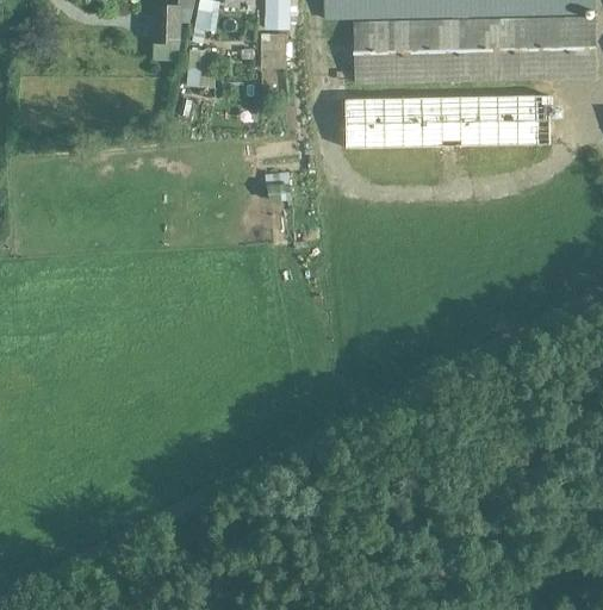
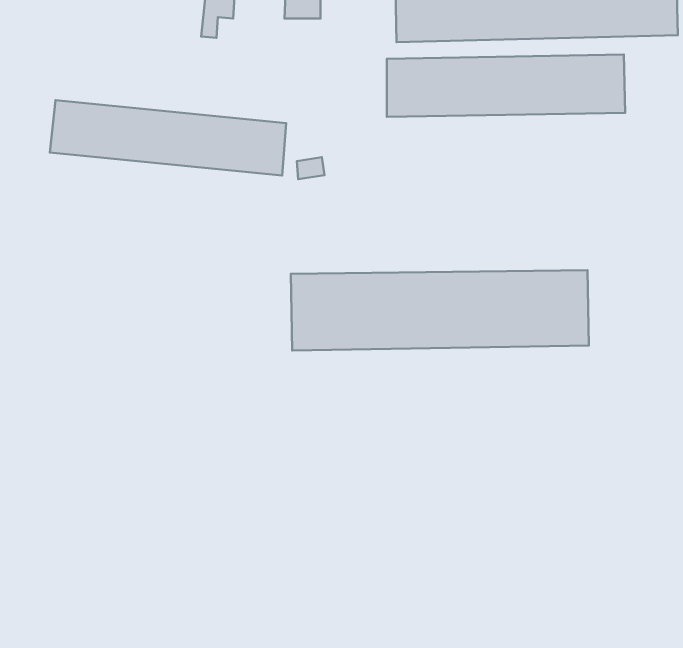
building: none -> [50,100,286,176]
building: none -> [291,270,589,351]

